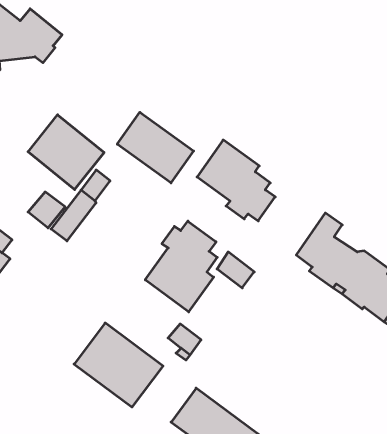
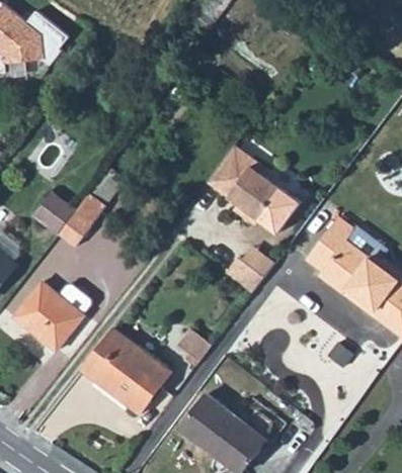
building: [117,112,194,183] -> none
building: [28,115,104,190] -> none
building: [145,221,217,312] -> none
building: none -> [12,282,89,351]

